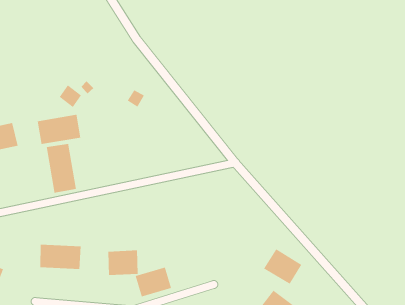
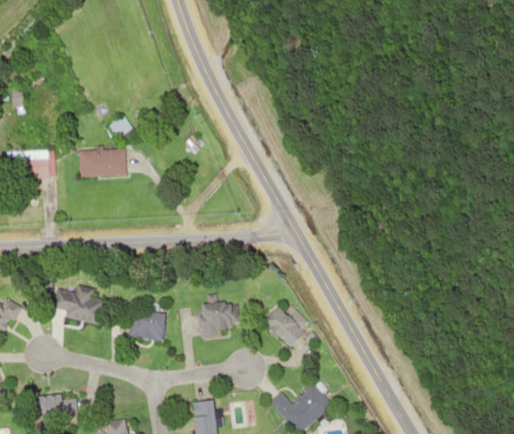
building: [46,143,76,193] -> none
building: [263,249,302,285] -> [265,302,309,346]
building: [135,267,172,297] -> [198,304,237,334]

